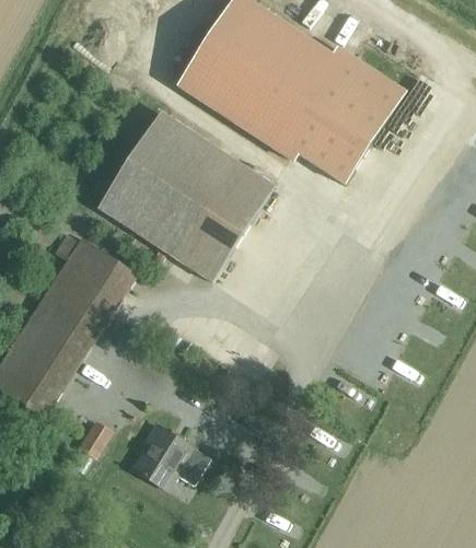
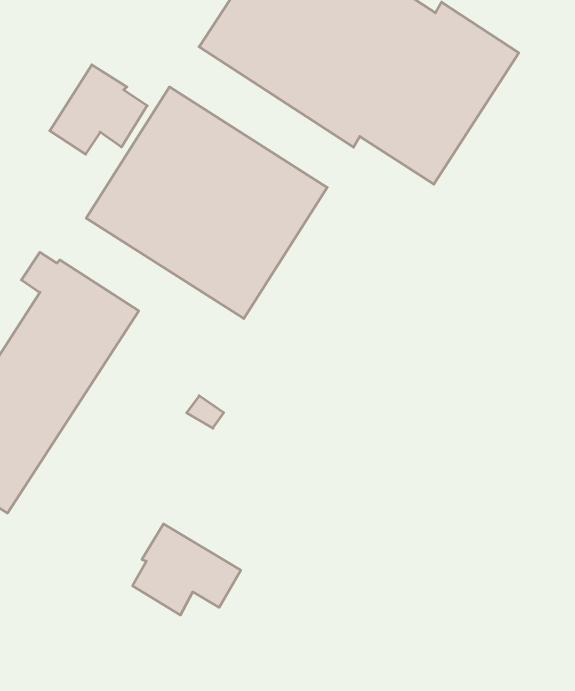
building: none -> [50,65,147,154]
building: [78,419,111,455] -> none

